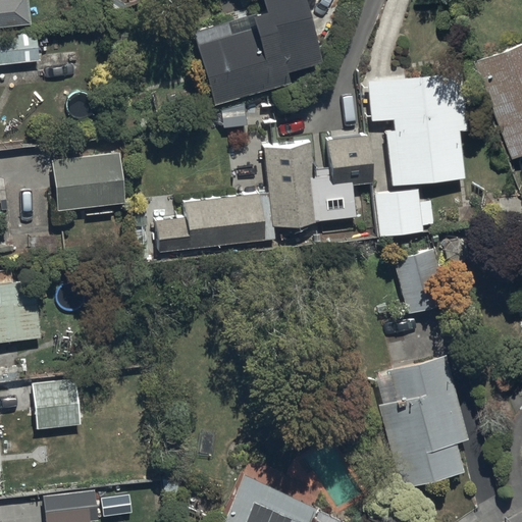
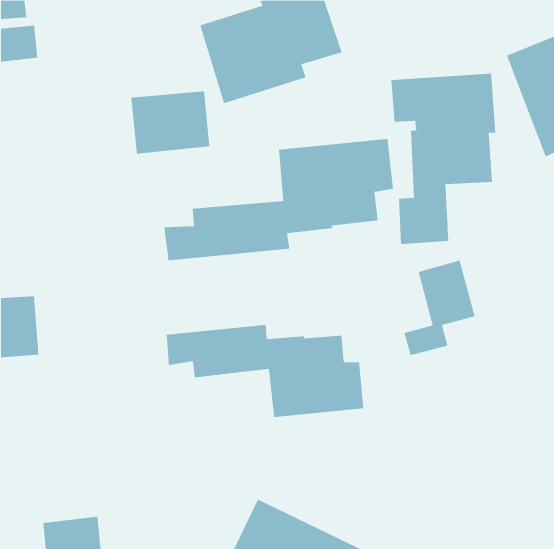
building: [52,152,126,211] -> [131,91,210,154]
building: none -> [166,324,364,418]
building: [378,356,468,489] -> none
building: [32,381,81,433] -> none

